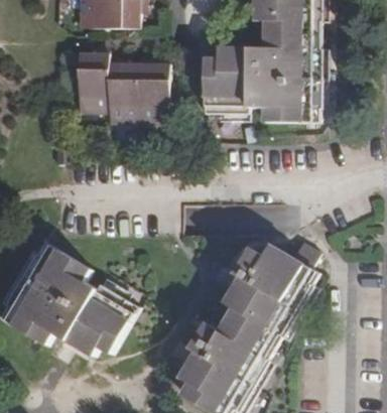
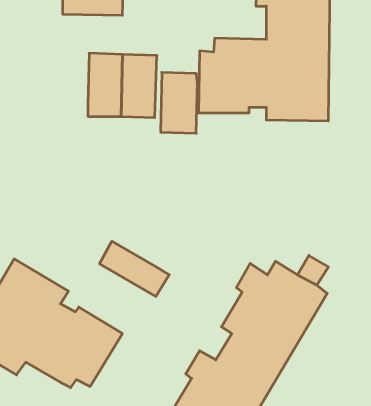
building: [76,52,108,106] -> [161,72,197,133]
building: none -> [100,241,169,296]

